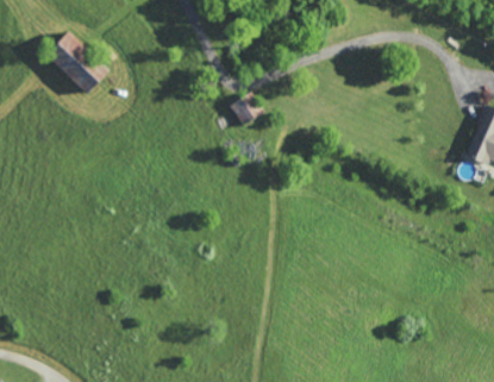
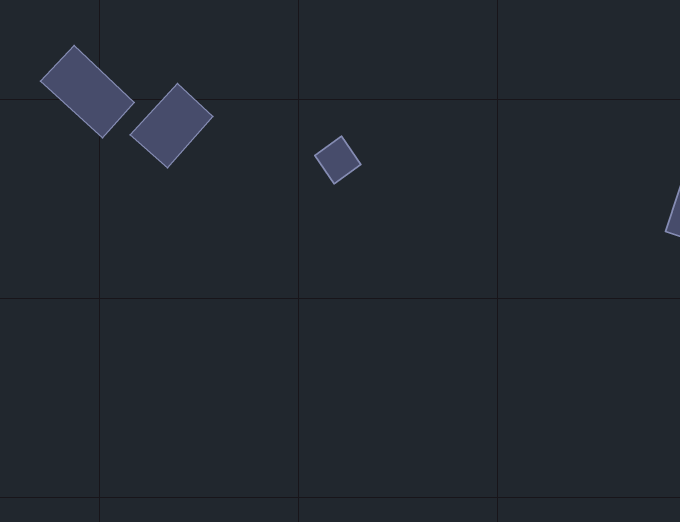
building: none -> [130,83,213,168]

